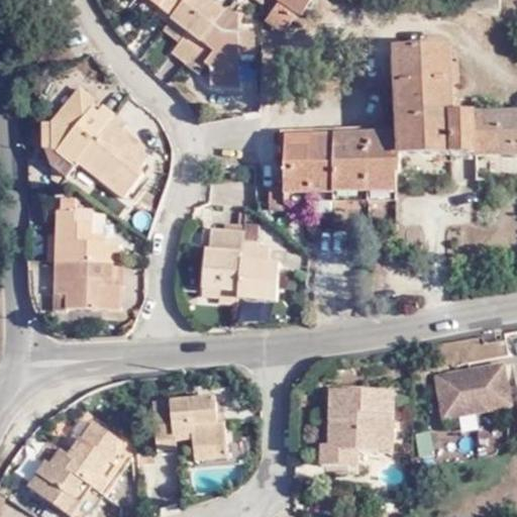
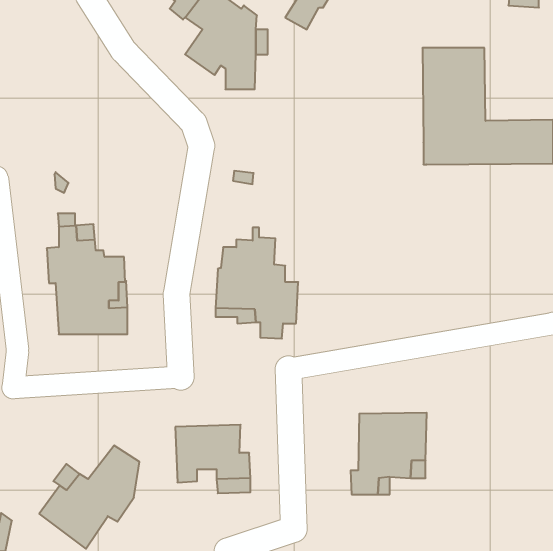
building: [45,85,148,195] -> none
building: [268,132,396,208] -> none
building: [431,367,509,423] -> none

